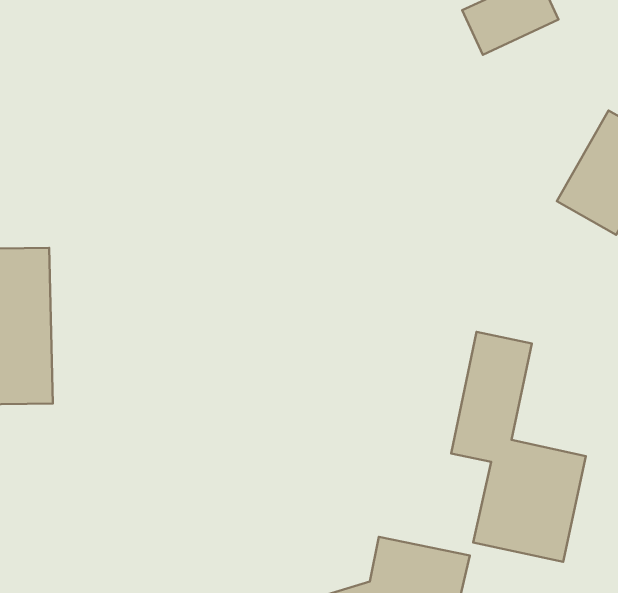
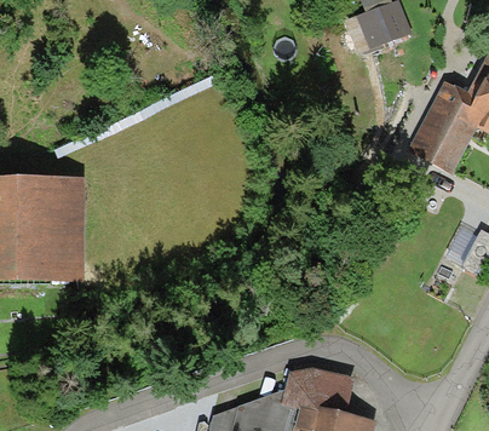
building: [451,332,586,562] -> none

